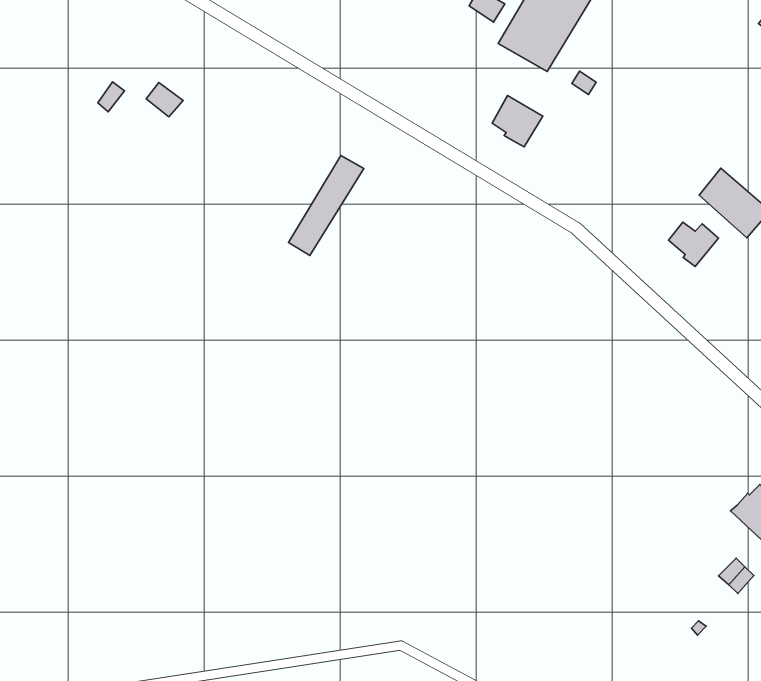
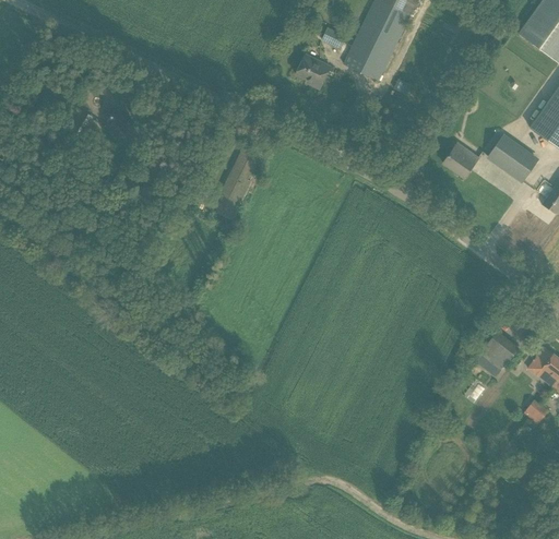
building: [492,96,543,147] -> [296,55,330,88]
building: [669,222,719,267] -> [444,148,478,178]
building: none -> [479,332,518,369]

